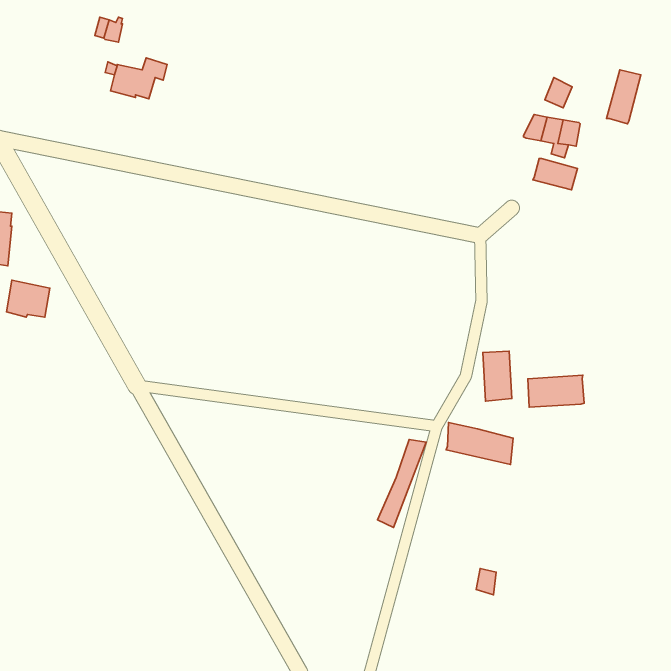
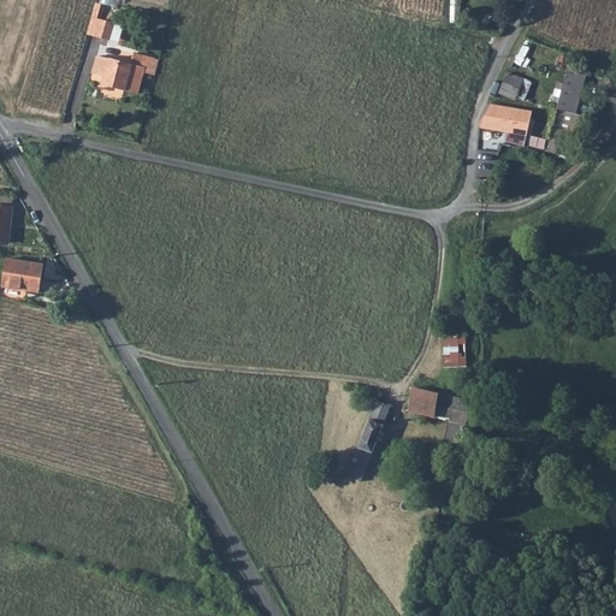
building: [533,158,577,190] -> none
building: [528,375,584,407] -> none

